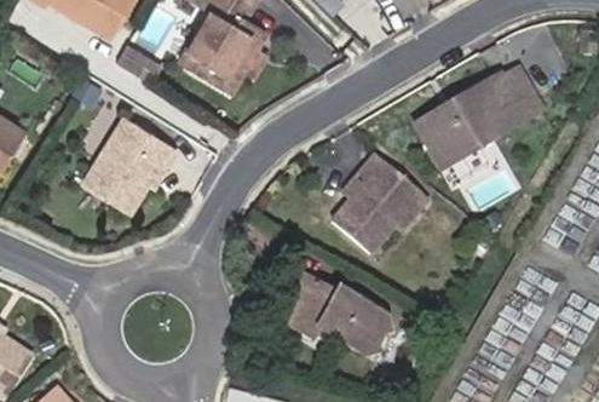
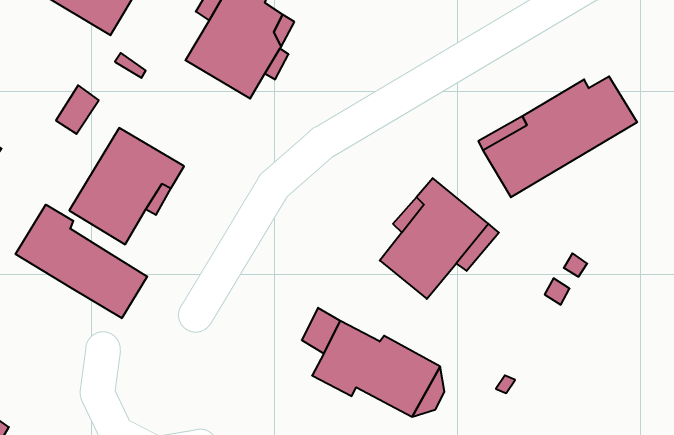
building: none -> [16,205,147,318]

